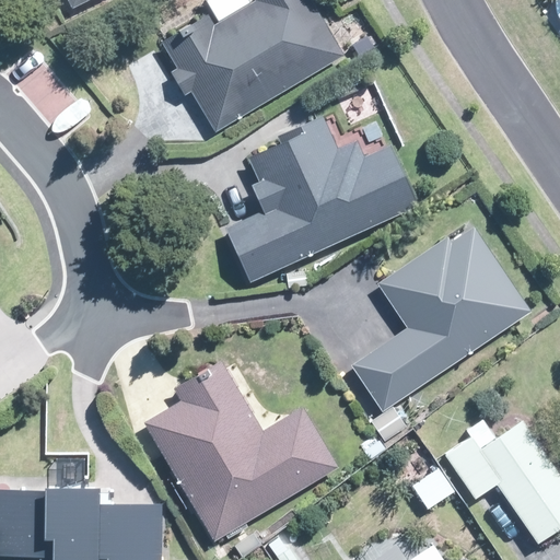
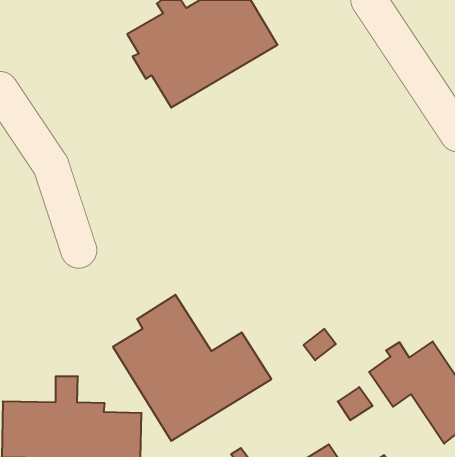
building: [230,124,420,285] -> none
building: [352,223,527,410] -> none

